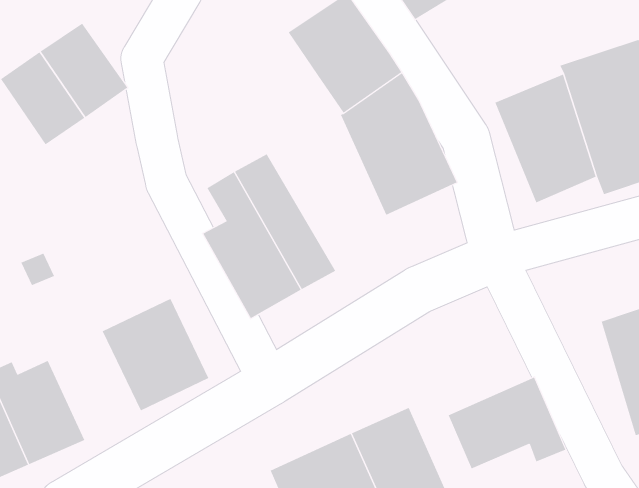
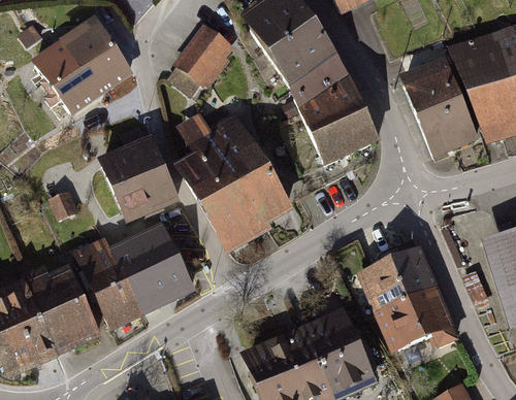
building: none -> [165,25,232,98]
building: none -> [101,139,179,221]
building: none -> [77,242,140,324]
building: none -> [354,245,436,312]

